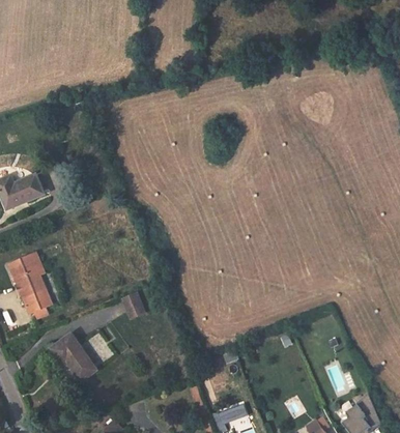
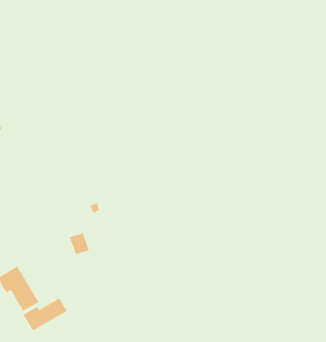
building: none -> [23,297,68,332]

